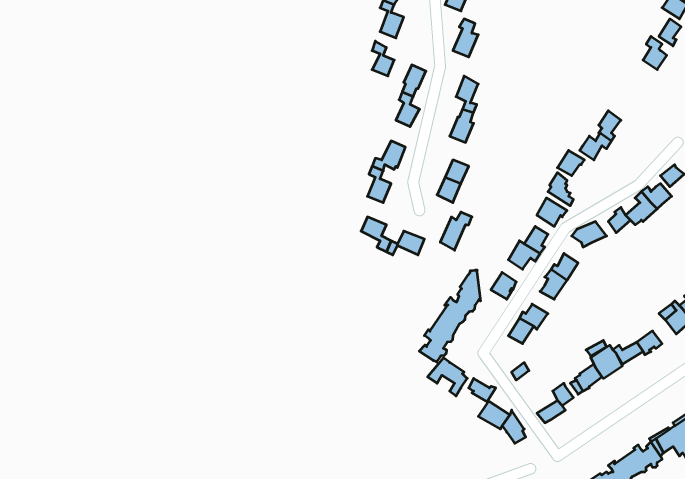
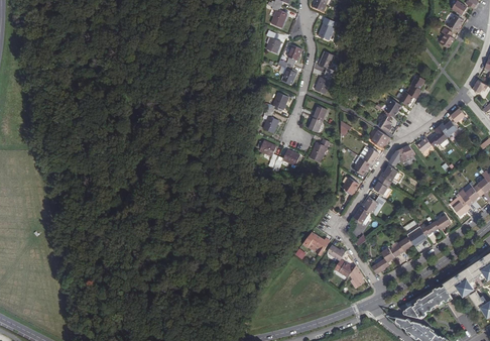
building: [419,270,480,362] -> none

